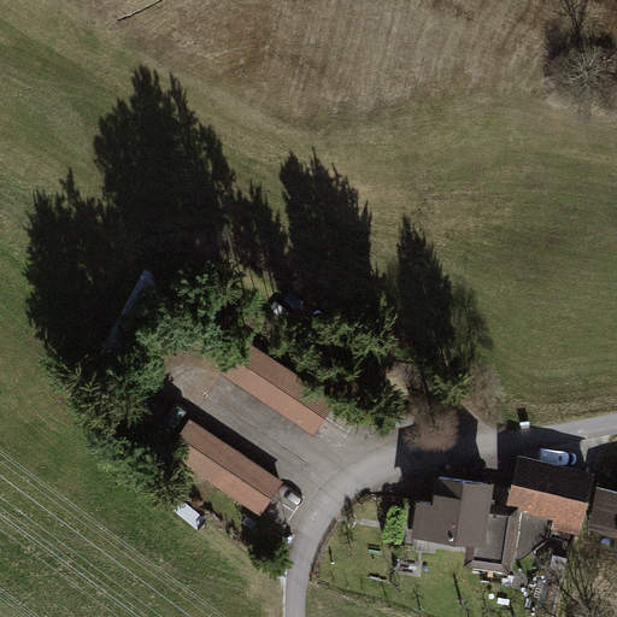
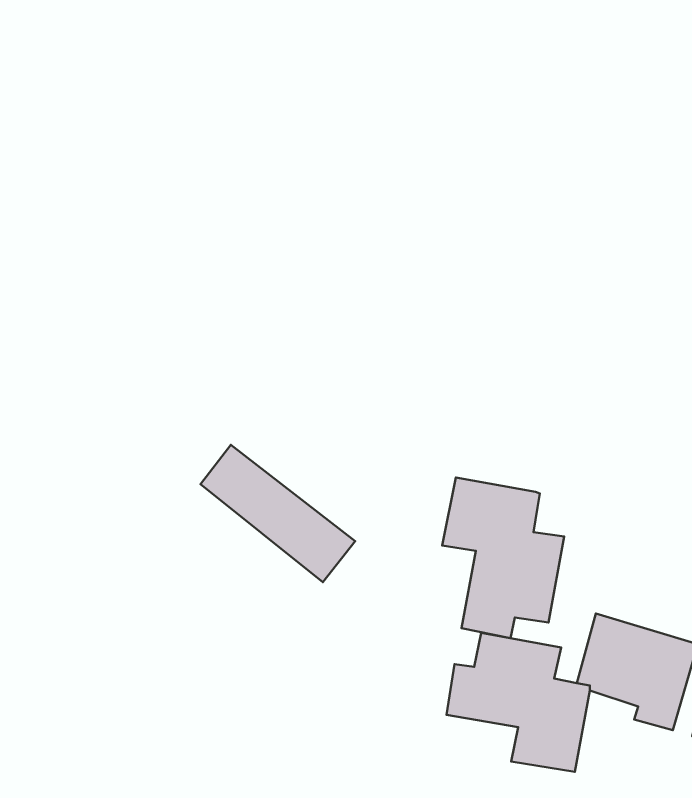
building: none -> [442,477,564,638]
building: [151,409,289,524] -> none

